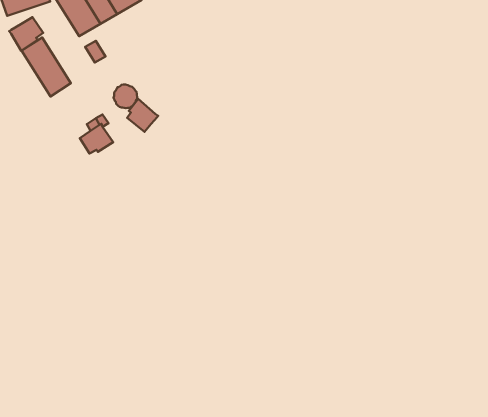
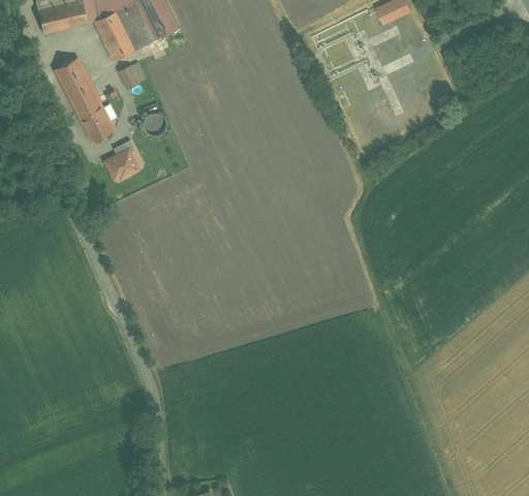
building: [9,17,43,51] -> none
building: none -> [80,106,114,141]
building: [127,99,158,132] -> none

